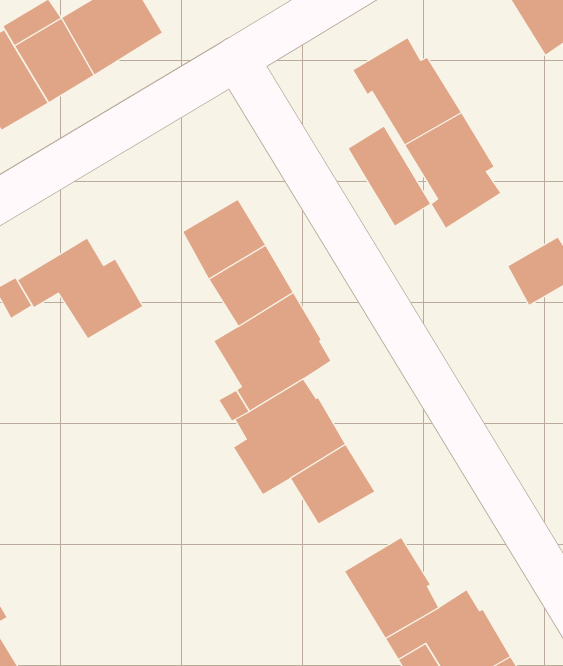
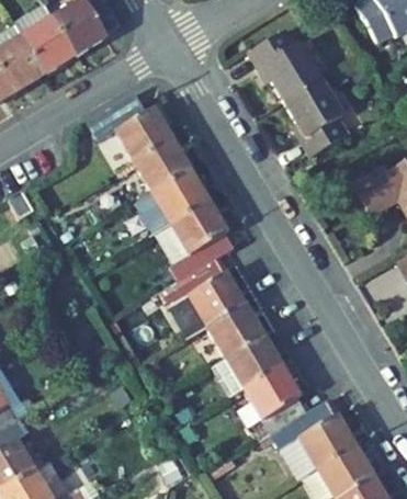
building: [348,126,431,226] -> none
building: [17,238,143,339] -> [88,92,172,160]
building: none -> [212,334,282,396]

